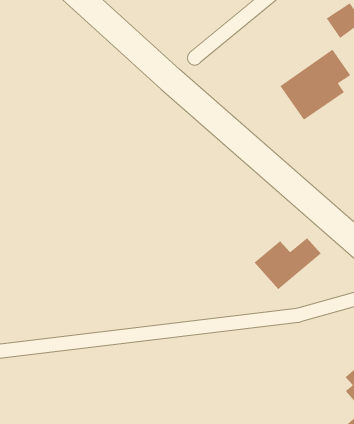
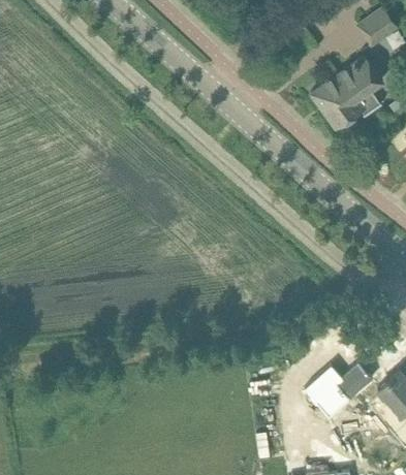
building: [254,237,321,290] -> [305,362,374,416]

